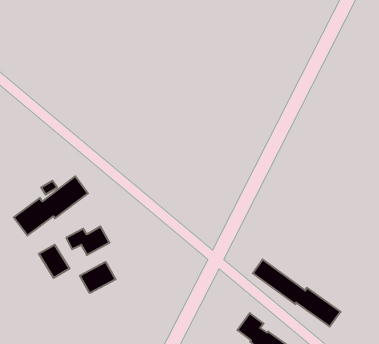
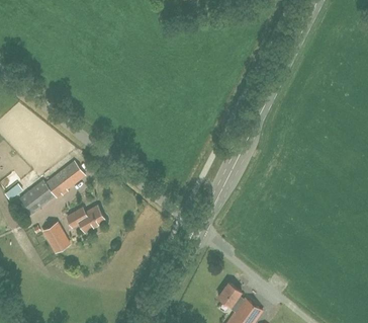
building: [253,259,341,327] -> none
building: [80,262,116,293] -> none

